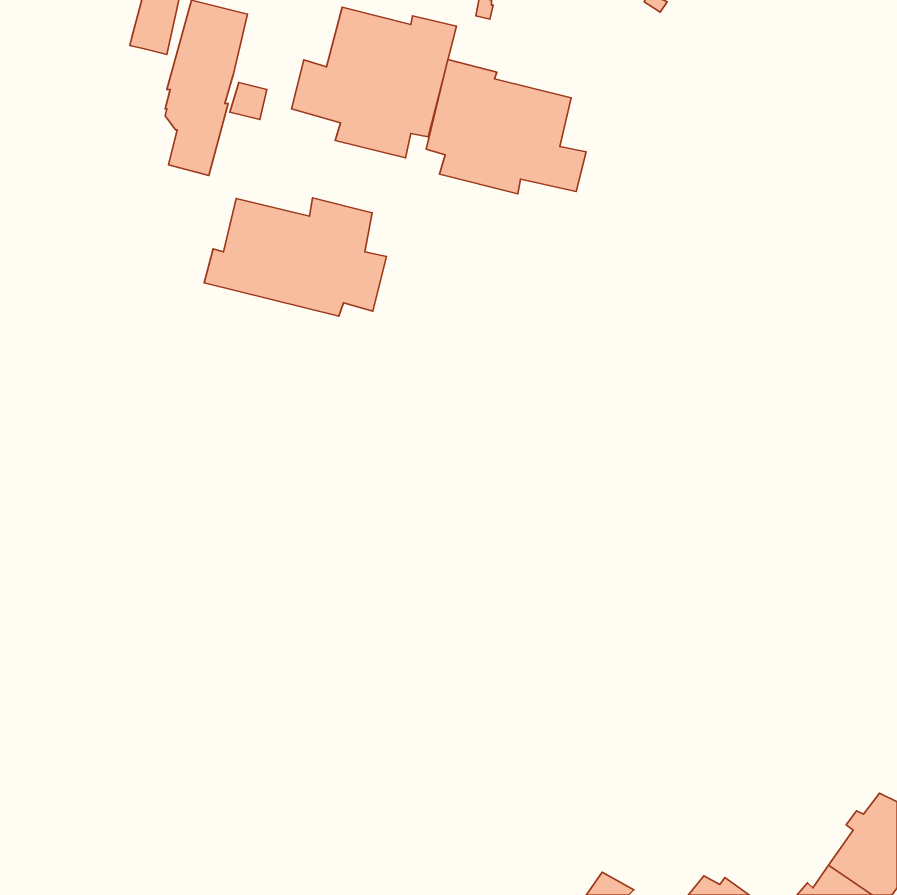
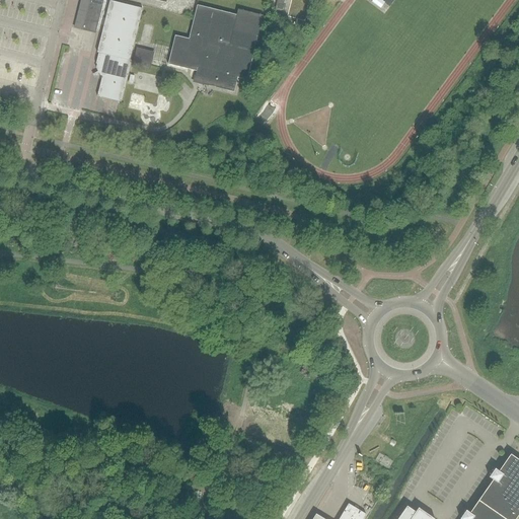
building: [426,60,586,194] -> none
building: [204,198,386,316] -> none

